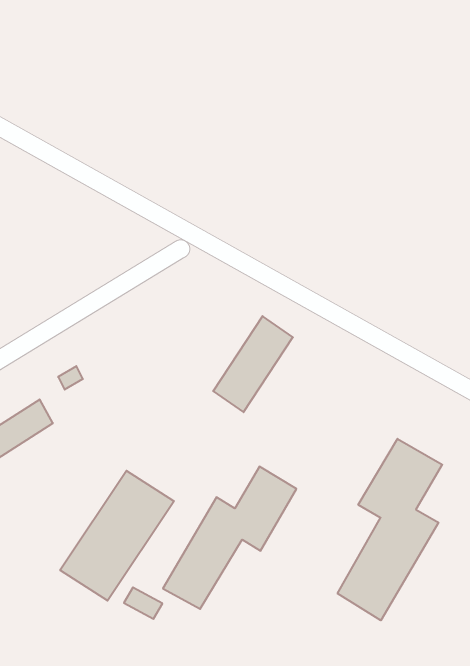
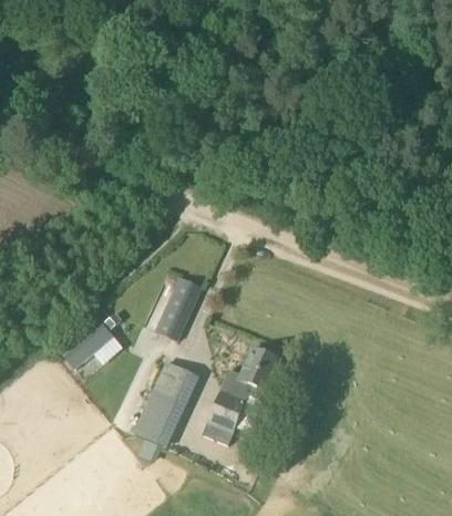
building: [213,316,293,412] -> [154,277,202,342]
building: [338,439,442,620] -> none

